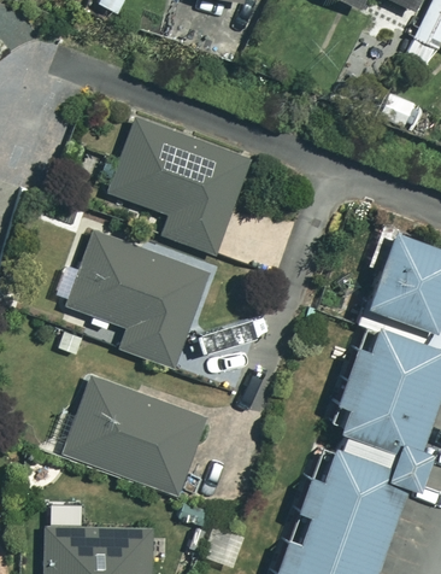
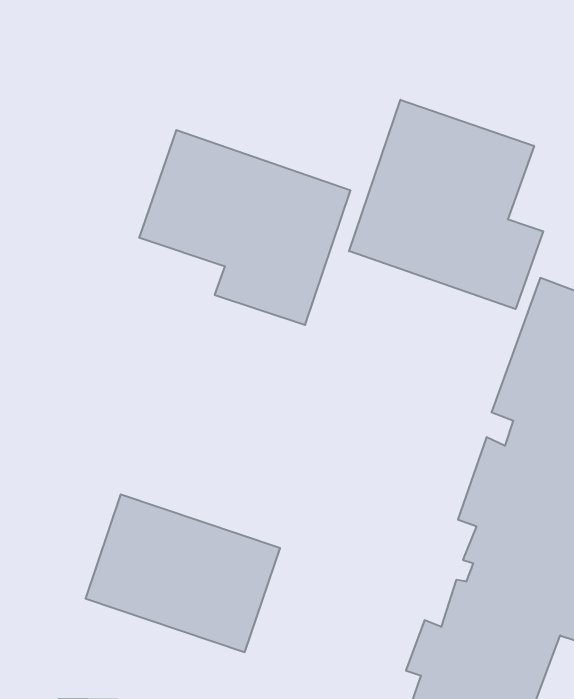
building: none -> [349,100,543,309]
building: [55,233,208,368] -> none

